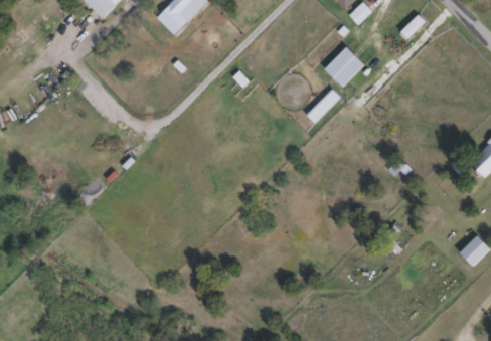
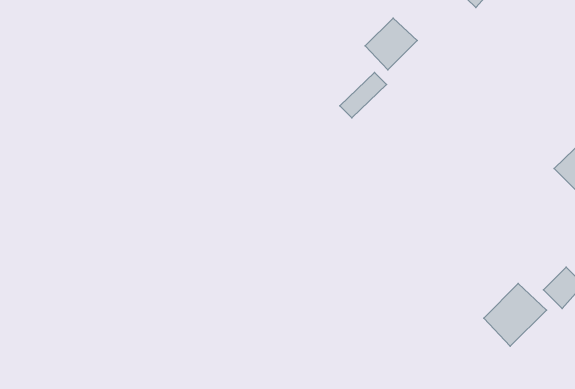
building: none -> [484,283,546,346]

